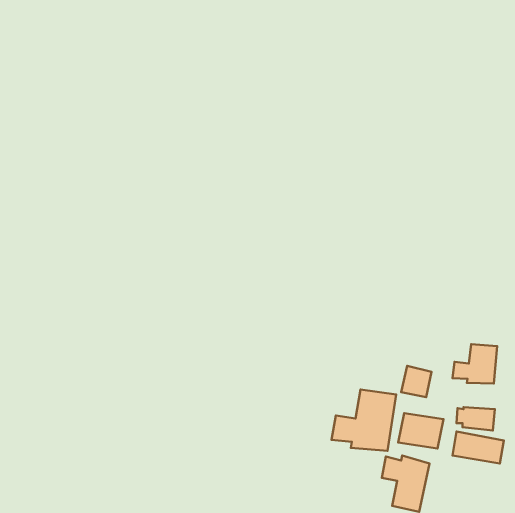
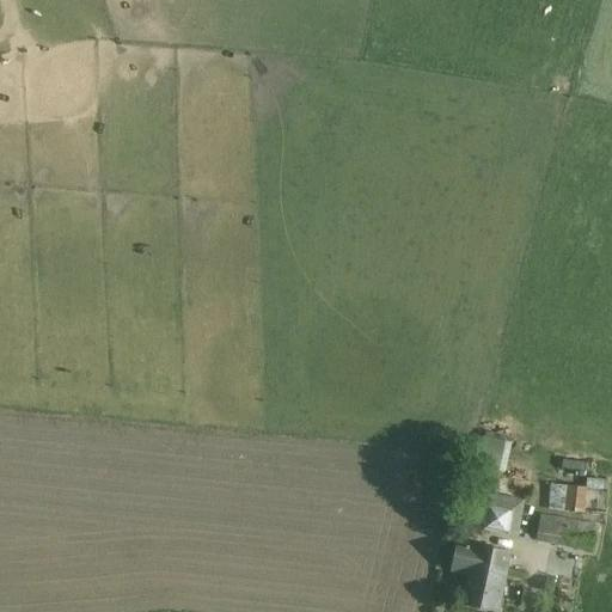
building: [453,344,497,384] -> none
building: [332,389,396,451] -> none

